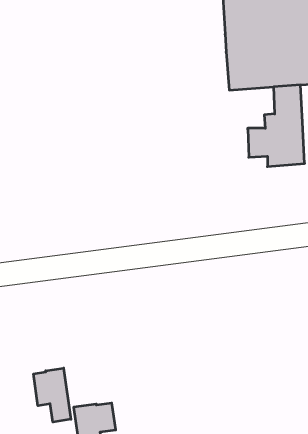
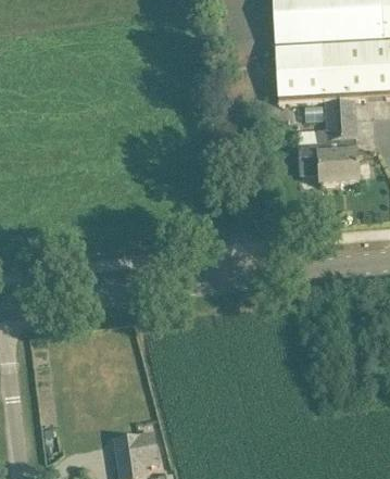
building: [34,368,71,422] -> none

